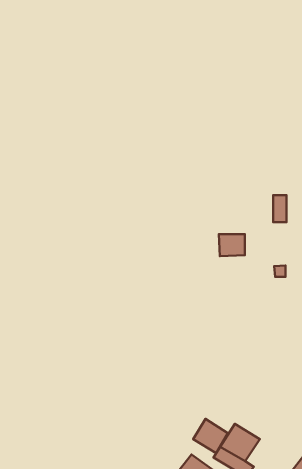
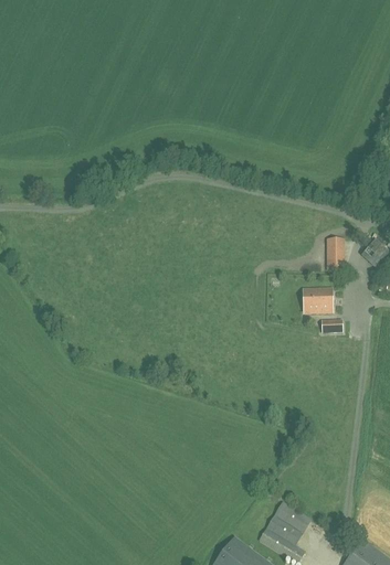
building: [219,234,245,256] -> [302,289,331,315]
building: [193,419,228,453] -> none

